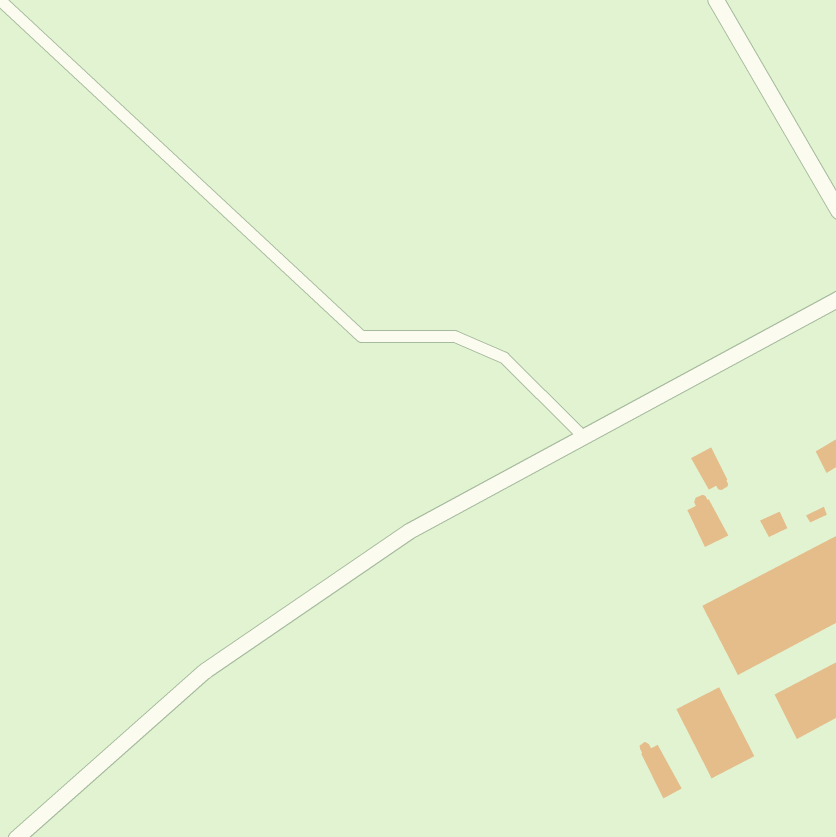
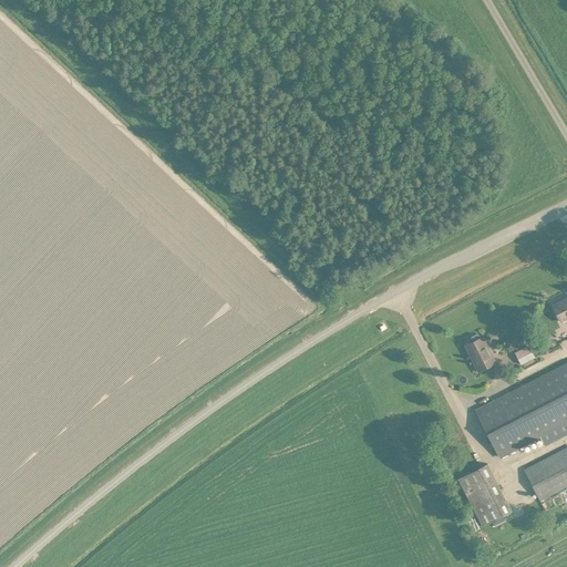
building: [690,445,730,491] -> none
building: [638,741,683,800] -> none

